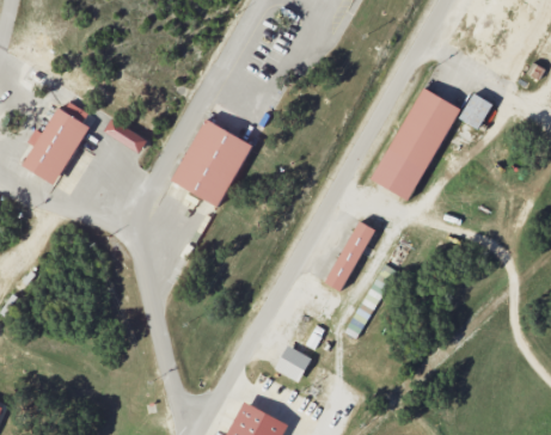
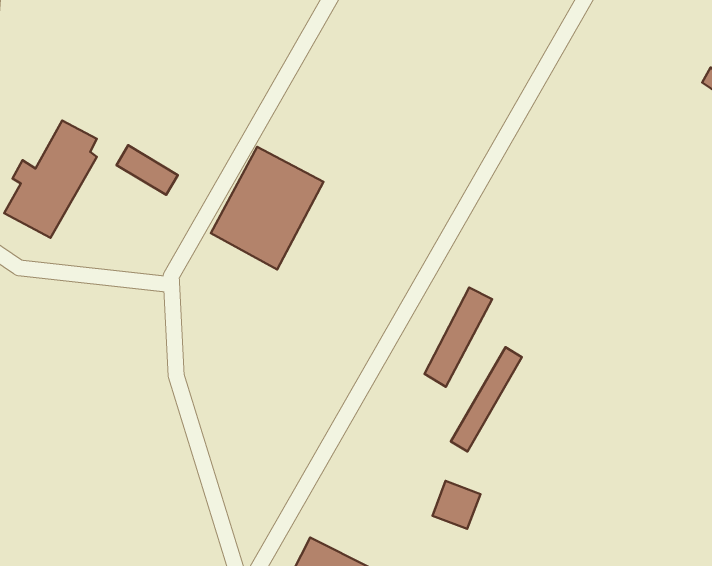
building: [372,86,459,201] -> none
building: [459,93,491,128] -> none
building: [275,345,310,380] -> [432,481,480,529]

